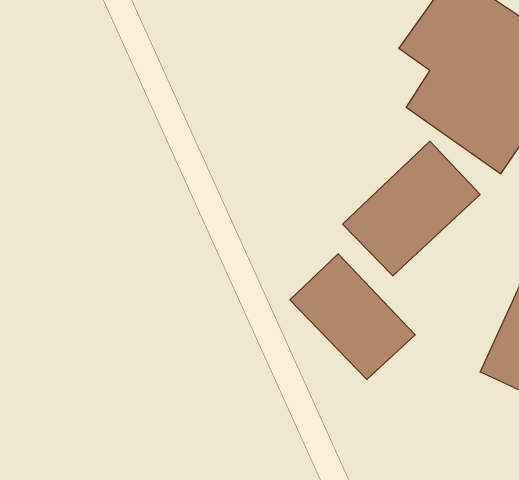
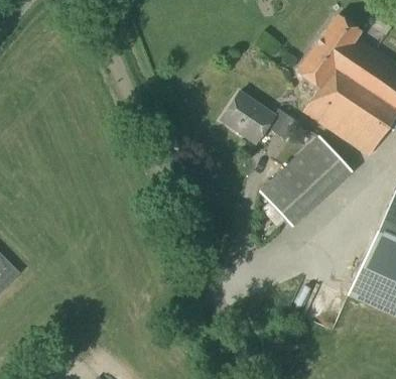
building: none -> [220,92,296,143]
building: [290,254,415,380] -> none

